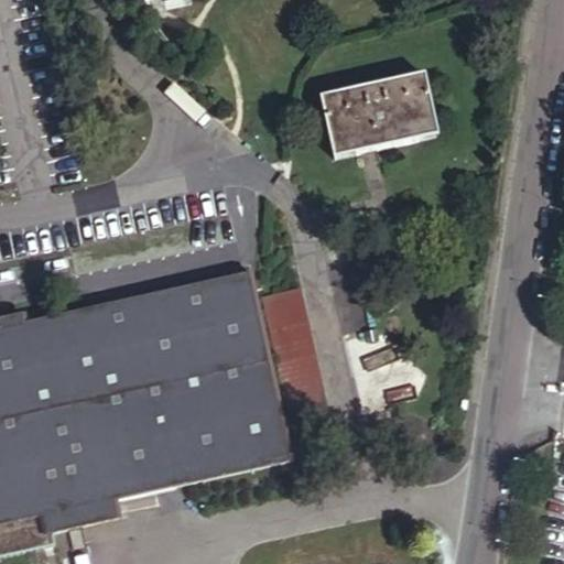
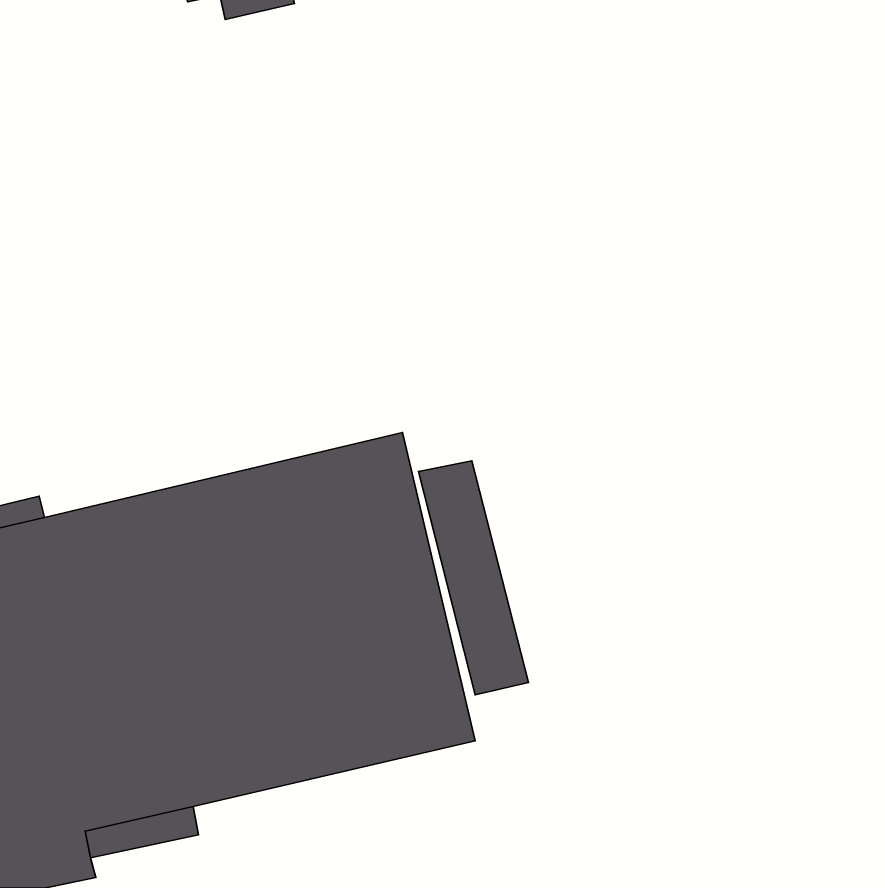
building: [316,66,431,150] -> none

